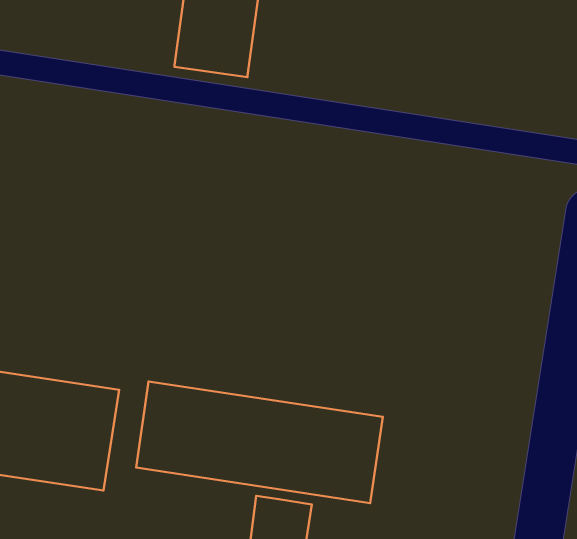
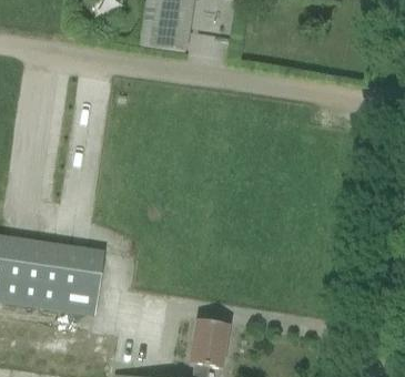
building: [136,381,383,503] -> none

